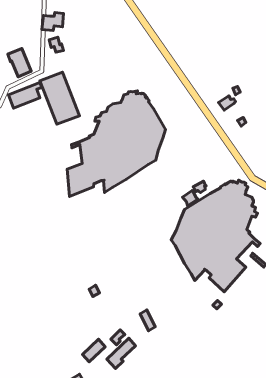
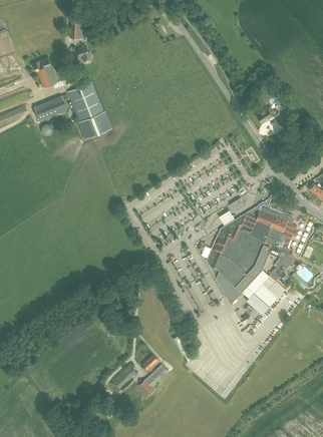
building: [67,91,166,197] -> none

